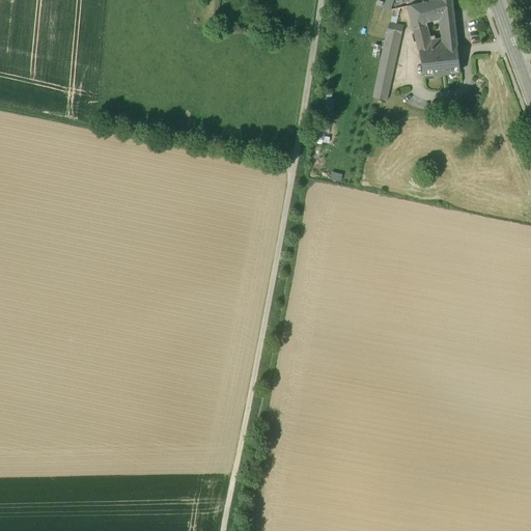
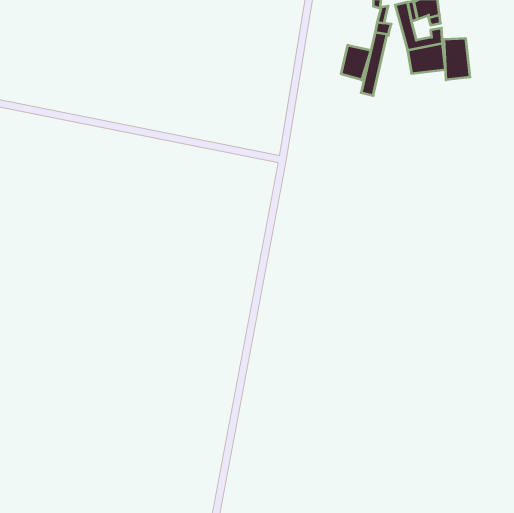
building: none -> [444,38,470,80]
building: none -> [341,45,371,80]

